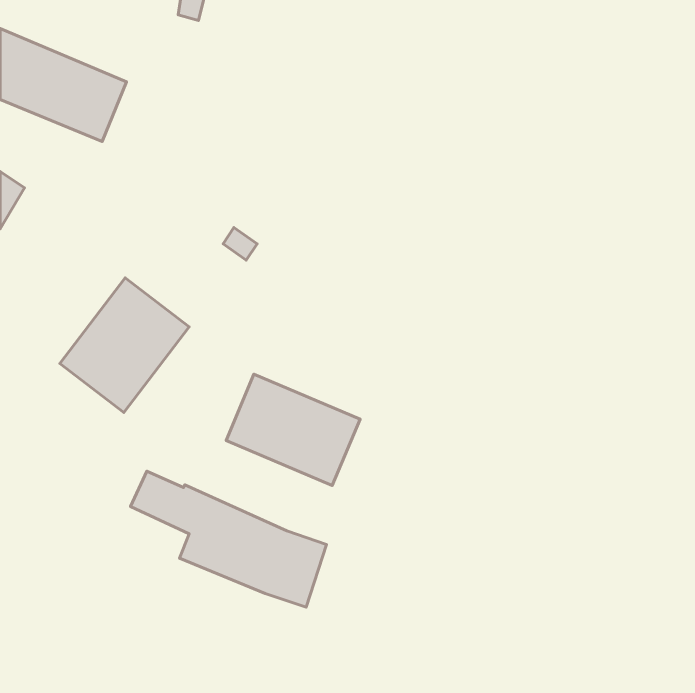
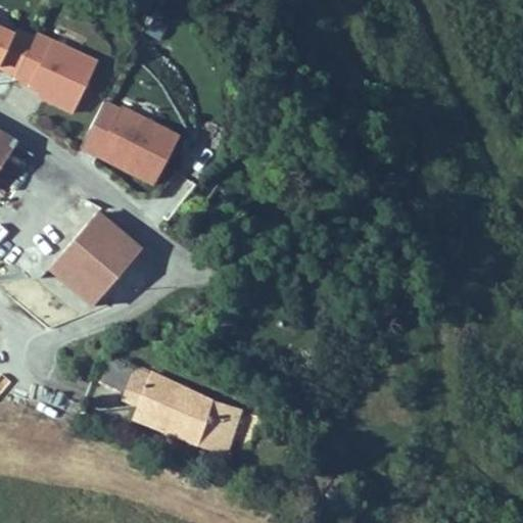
building: none -> [76,98,179,190]
building: [226,374,360,486] -> none

